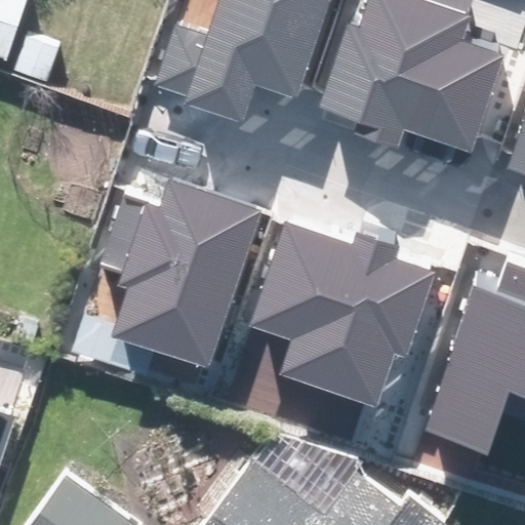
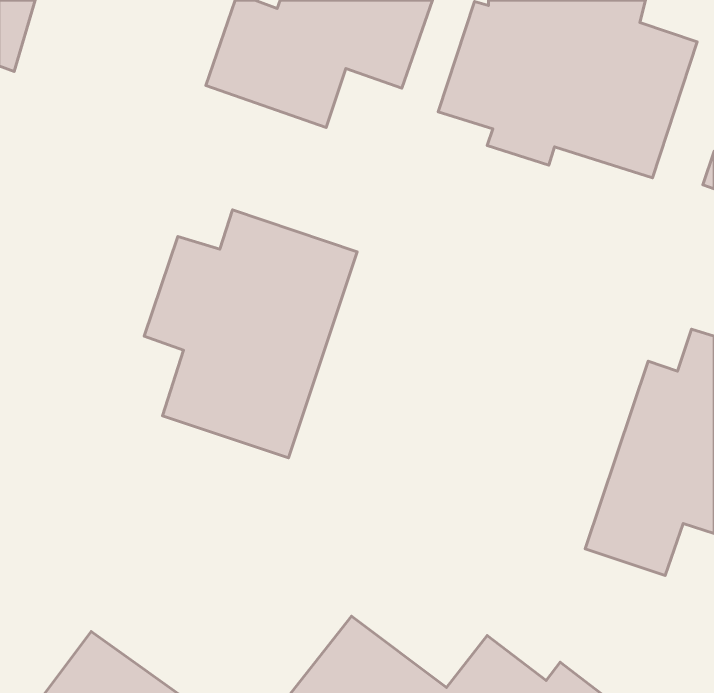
building: [256,212,433,385] -> none

